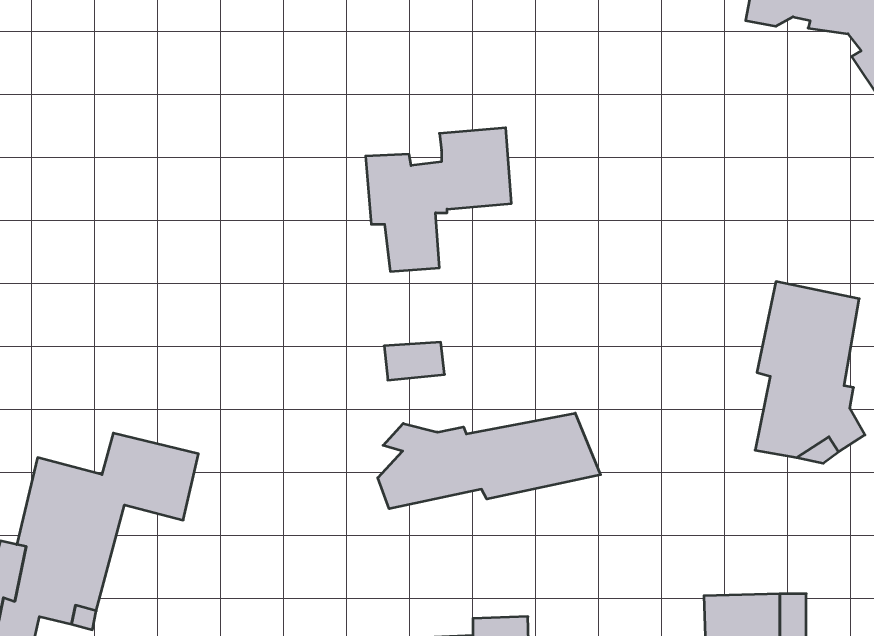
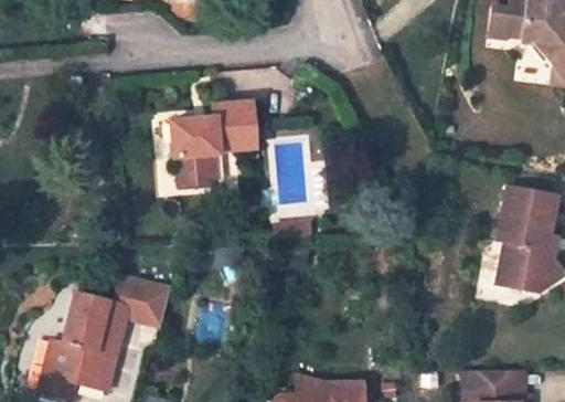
building: [366,128,511,271] -> [169,102,254,186]
building: [378,413,601,509] -> none

